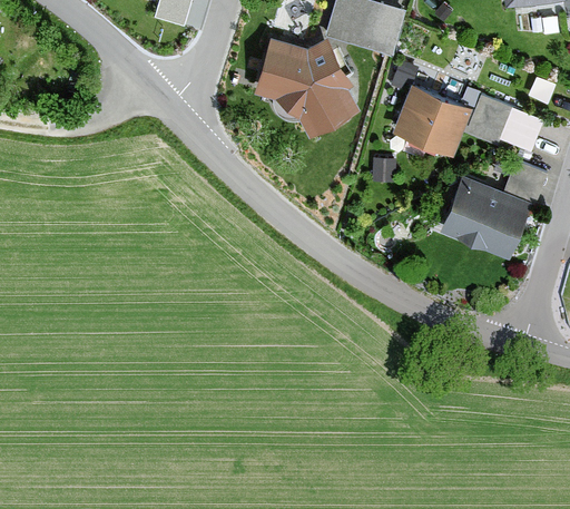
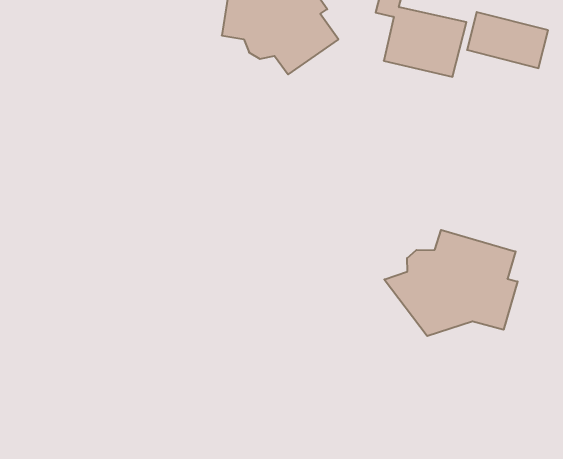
building: [440,165,543,260] -> none
building: none -> [384,230,518,336]

